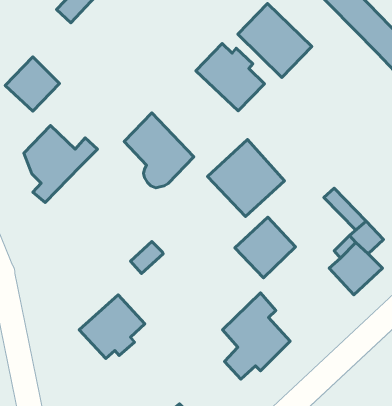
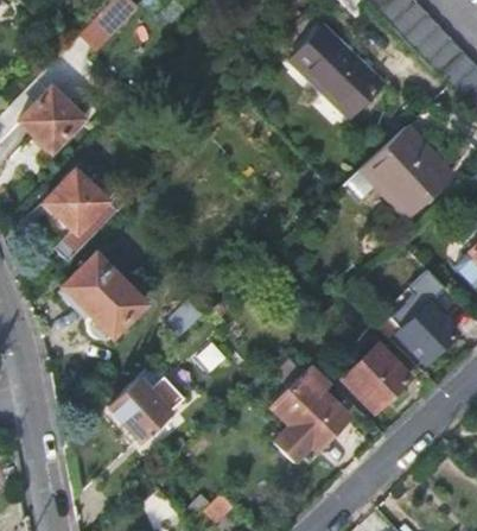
building: [196,44,265,111] -> none
building: [124,113,194,188] -> [63,253,144,340]
building: [208,140,284,217] -> [361,126,450,215]
building: [235,217,295,278] -> [342,342,412,412]

